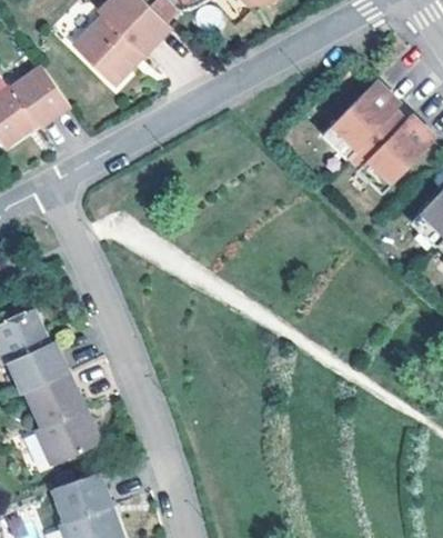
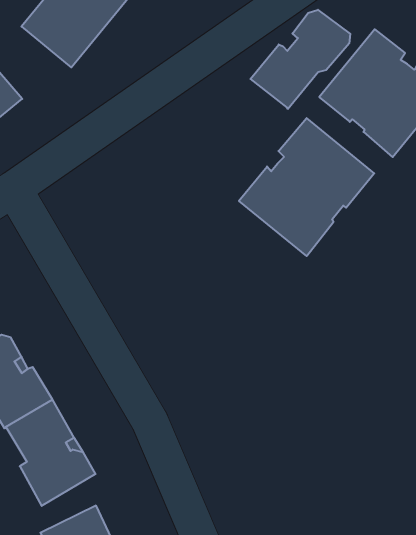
building: none -> [250,10,350,109]
building: none -> [239,118,374,256]

